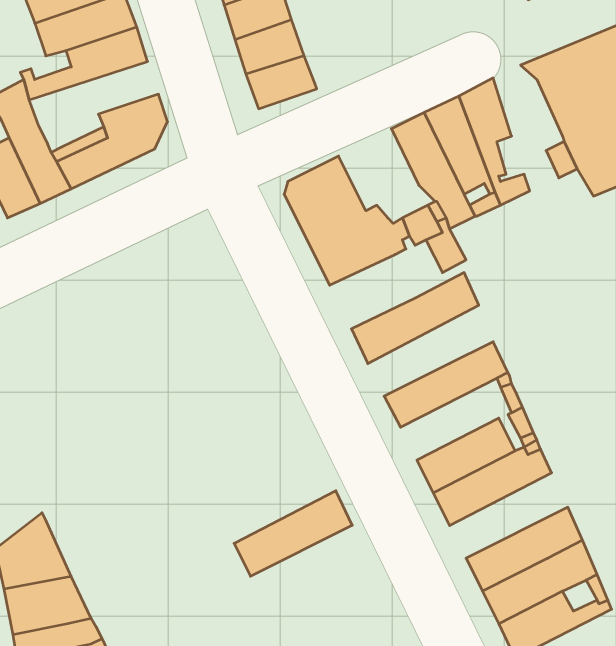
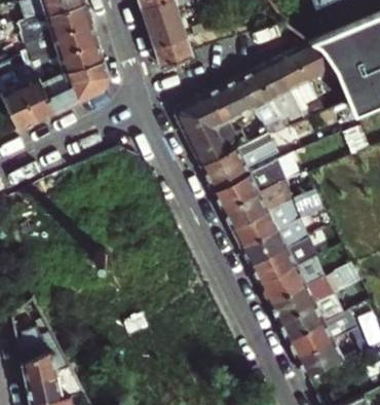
building: none -> [31,39,104,85]
building: none -> [293,41,332,93]
building: none -> [205,77,251,123]
building: none -> [200,148,261,190]
building: none -> [222,177,291,228]
building: none -> [240,222,296,264]
building: [234,491,352,576] -> [268,271,335,320]

